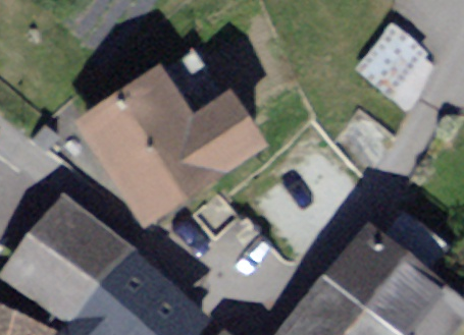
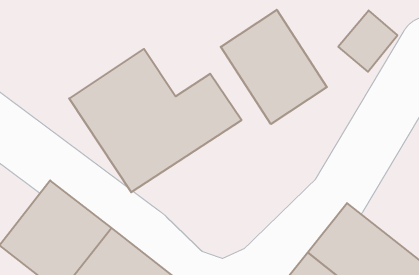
building: none -> [221,10,327,124]

